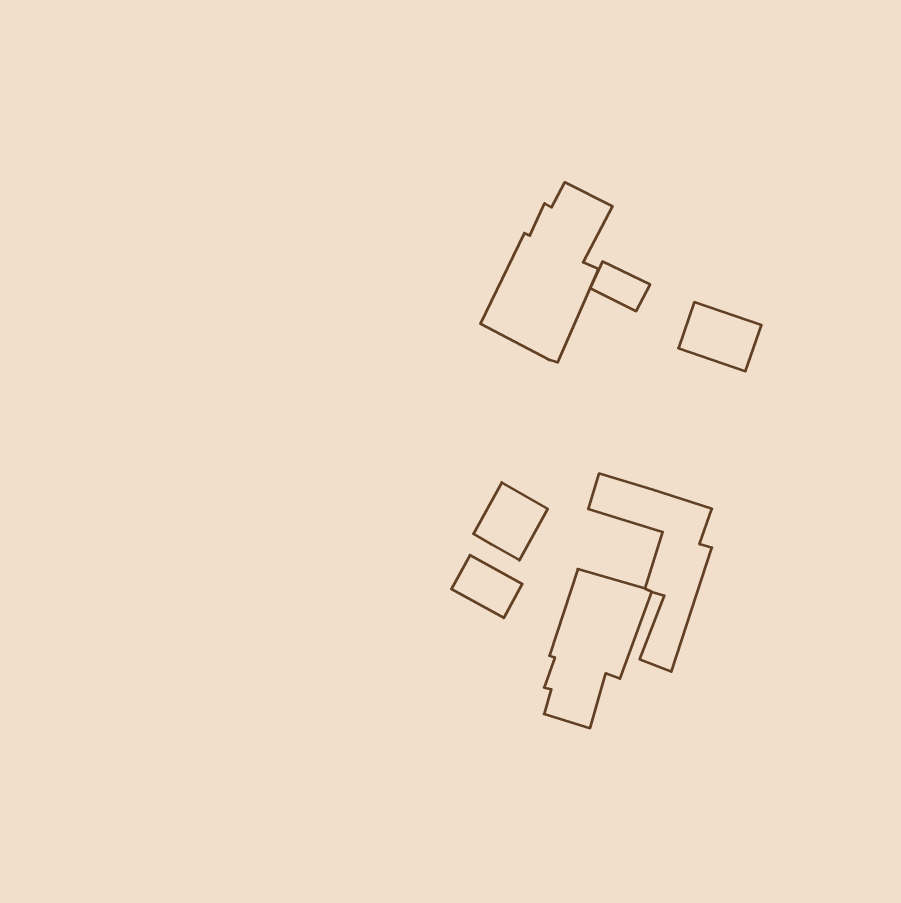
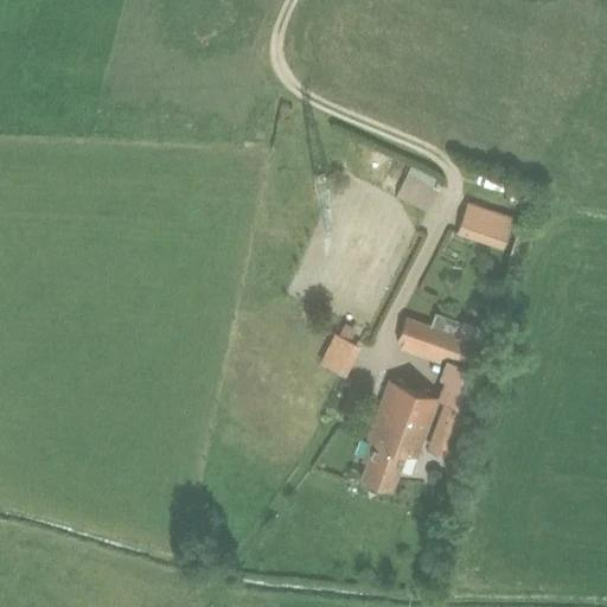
building: [481,182,612,362] -> none
building: [451,555,522,618] -> none

